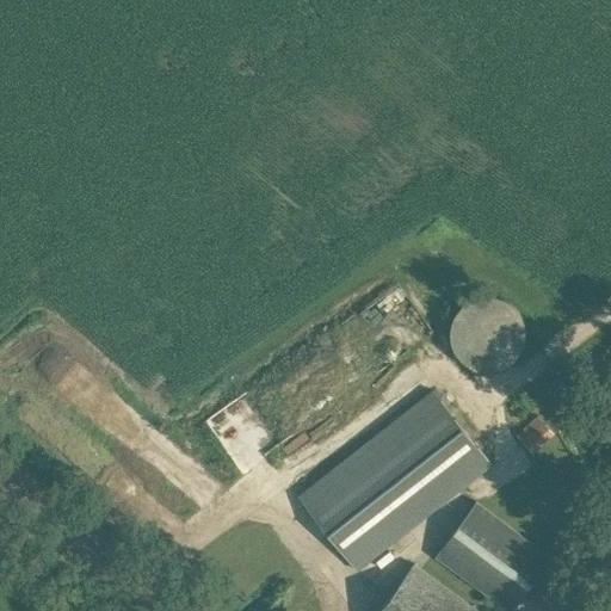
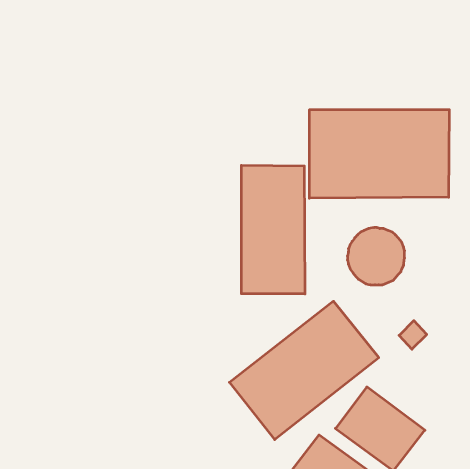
building: none -> [309,110,449,198]
building: none -> [241,165,305,294]

